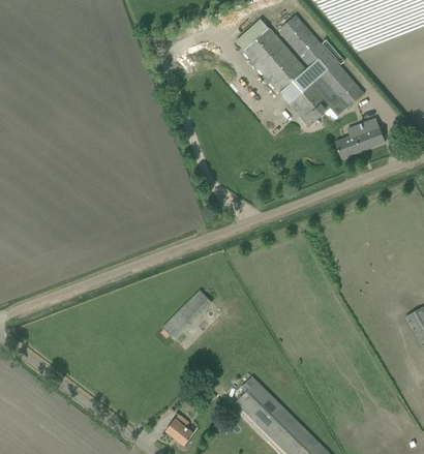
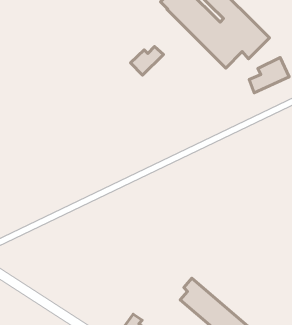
building: none -> [130,47,163,75]
building: [164,290,213,337] -> none

